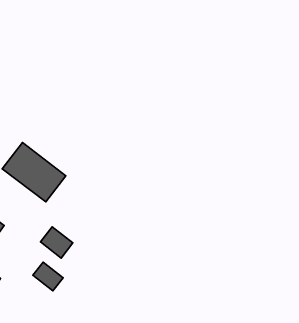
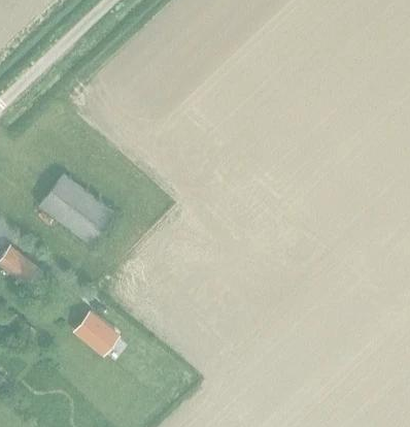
building: [40,227,73,258] -> none

